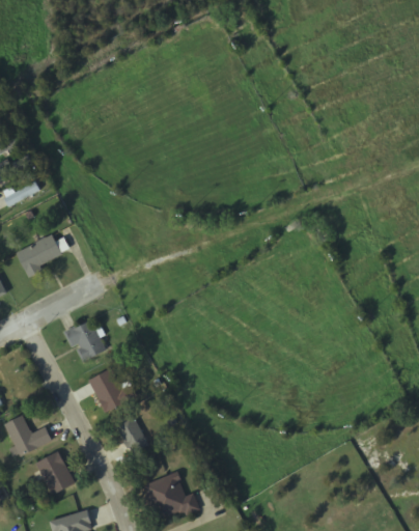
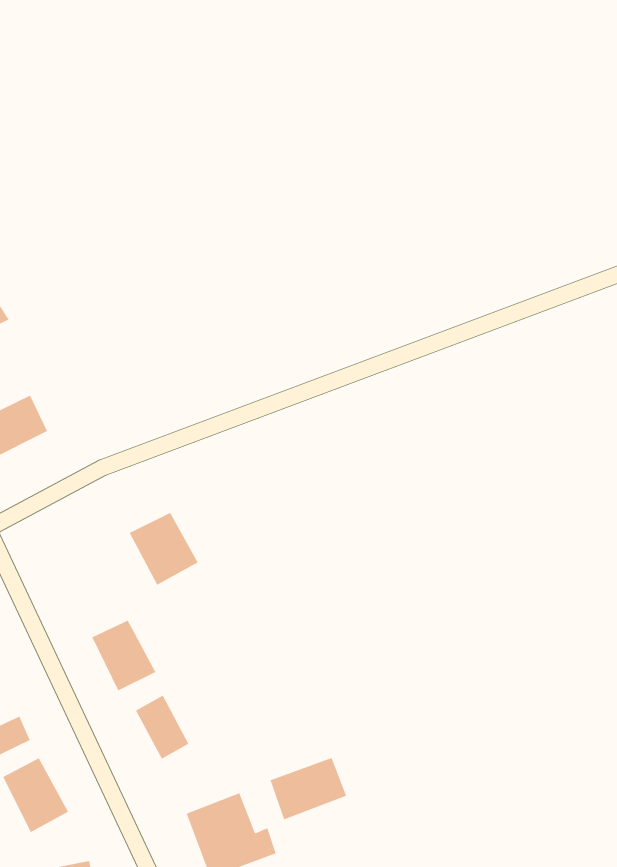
building: [64,319,106,363] -> [129,512,199,585]
building: none -> [270,757,347,820]

